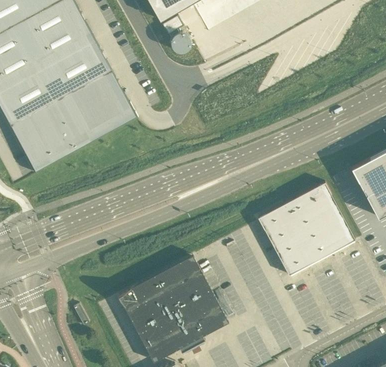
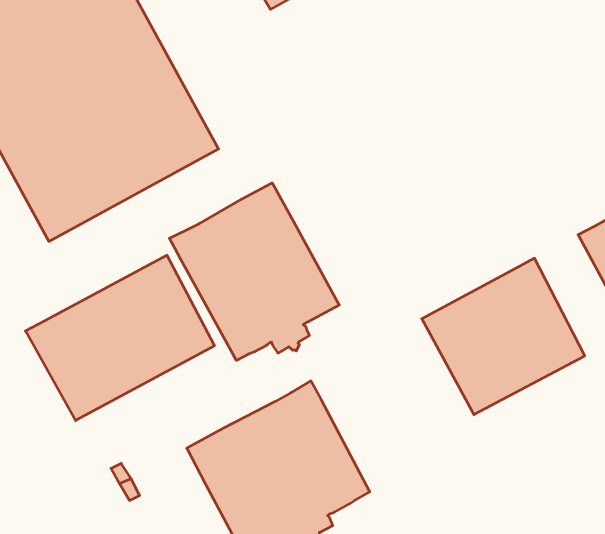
building: none -> [169,183,339,360]
building: none -> [25,255,214,421]

